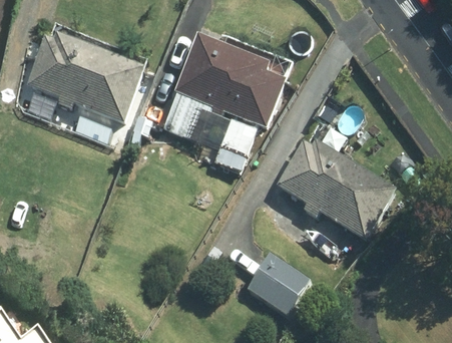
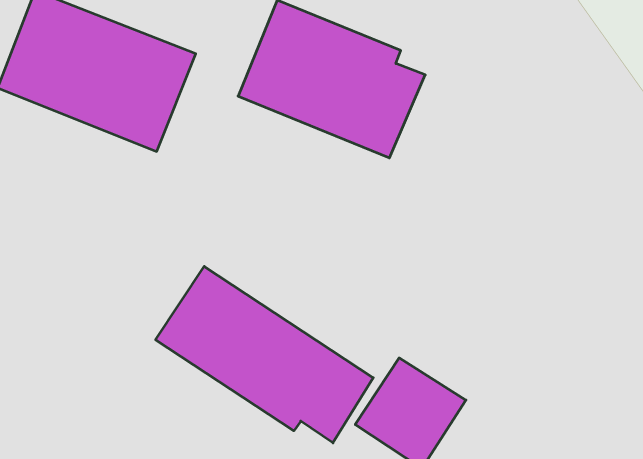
building: [275,139,397,241] -> none
building: none -> [156,266,373,443]

